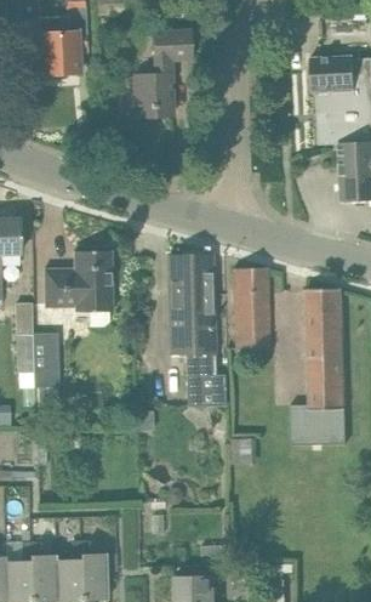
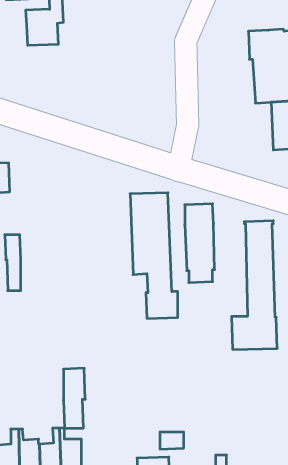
building: [119,30,190,117] -> none
building: [44,250,112,325] -> none
building: [33,334,59,407] -> [63,368,85,428]

